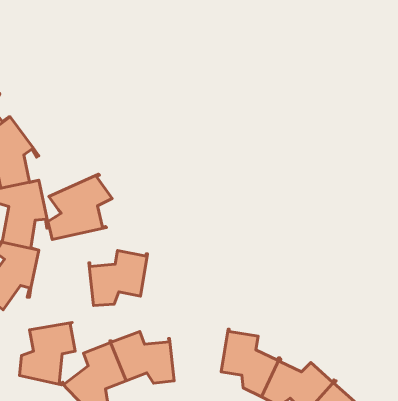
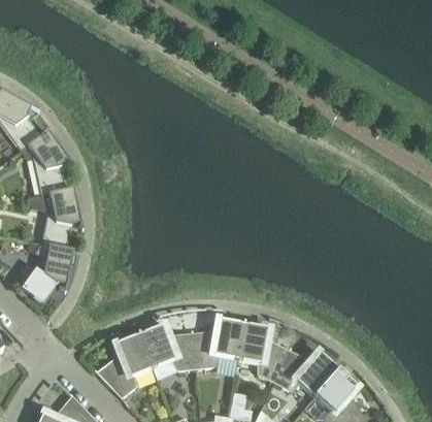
building: [48,174,112,240] -> none
building: [89,250,147,305] -> [190,319,242,368]
building: [19,323,75,385] -> none

